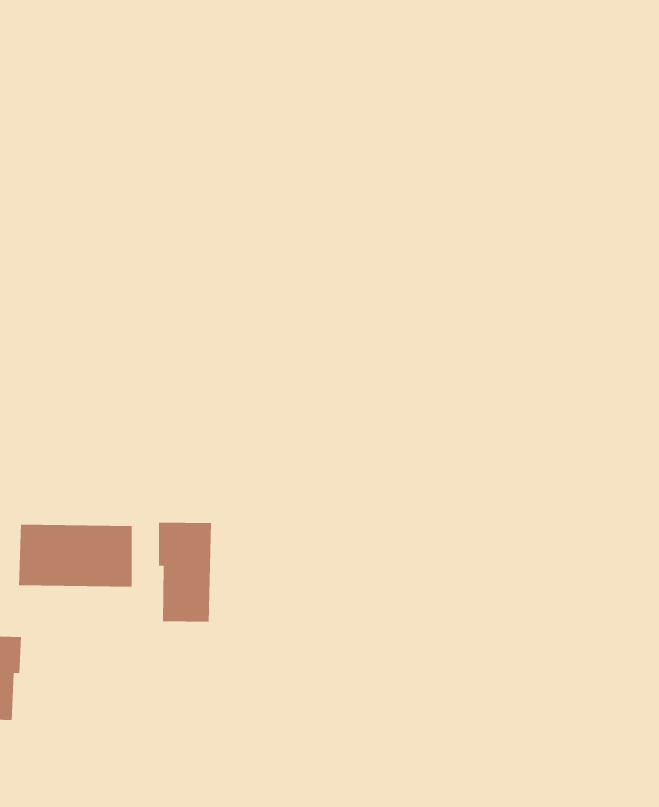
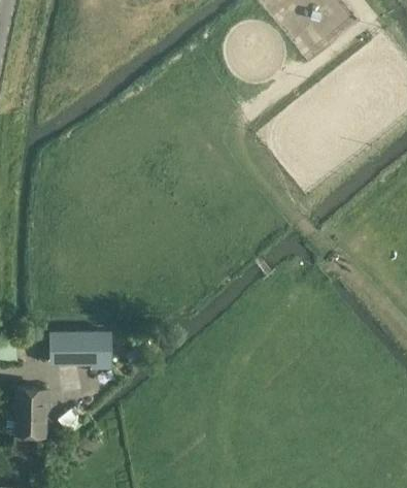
building: [158,522,212,622] -> none

